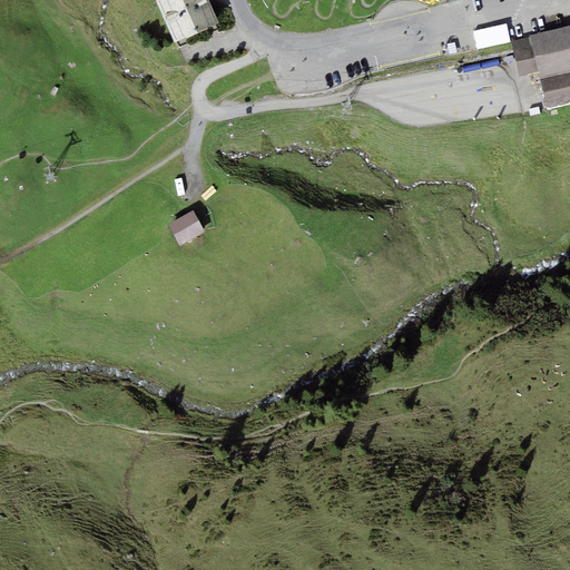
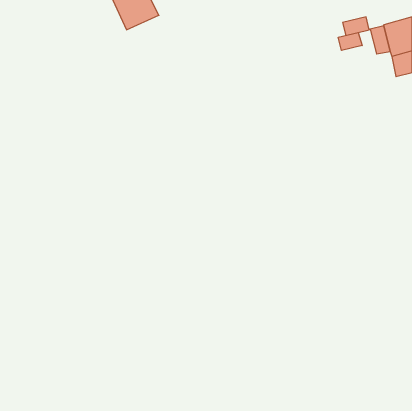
building: none -> [338,33,362,50]
building: [171,213,203,244] -> none

